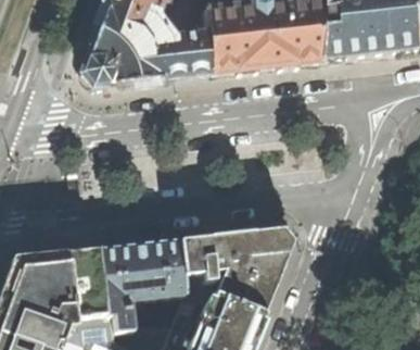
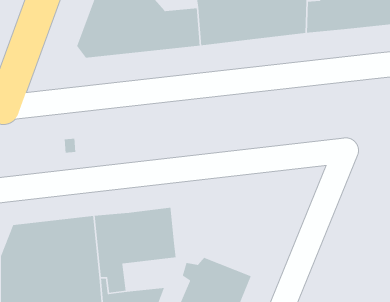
building: [184,226,296,311] -> none

